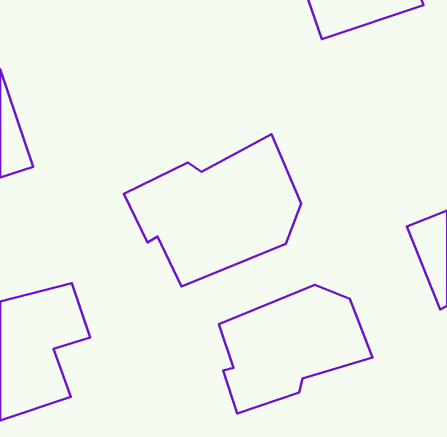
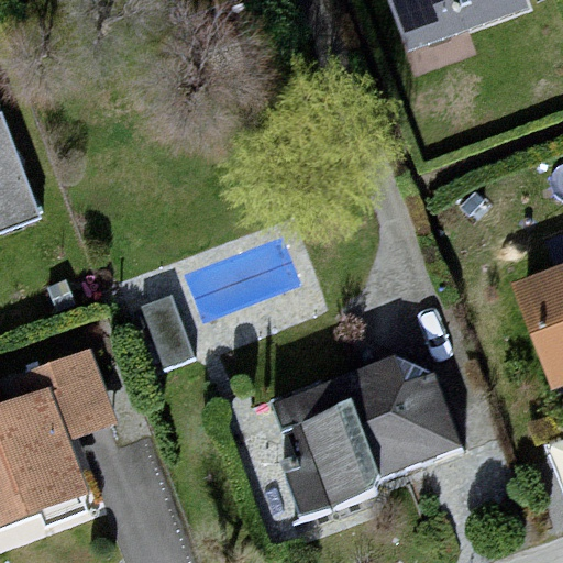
building: [124,134,301,287] -> none

